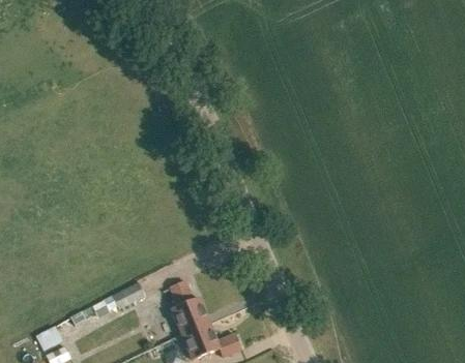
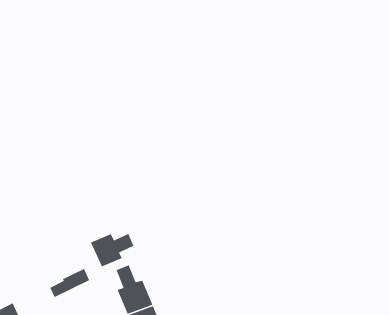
building: none -> [90,233,135,267]

